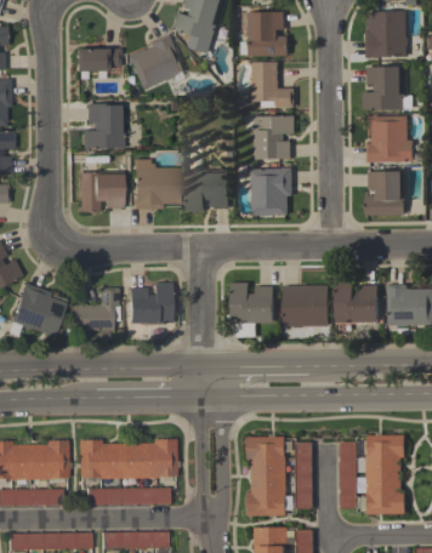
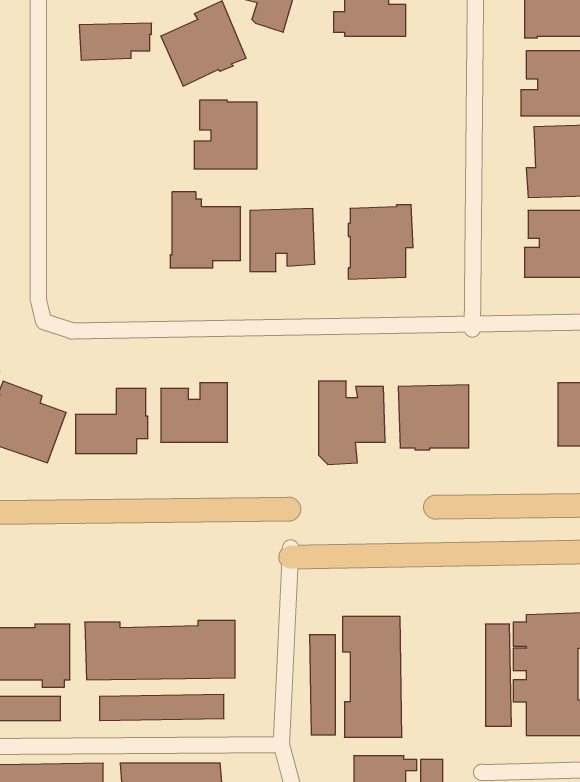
building: [251,62,294,108] -> none
building: [83,104,124,149] -> [194,100,257,169]
building: [254,116,295,159] -> none
building: [79,171,123,212] -> none
building: [335,281,377,321] -> none
building: [295,443,312,508] -> [309,635,335,735]

